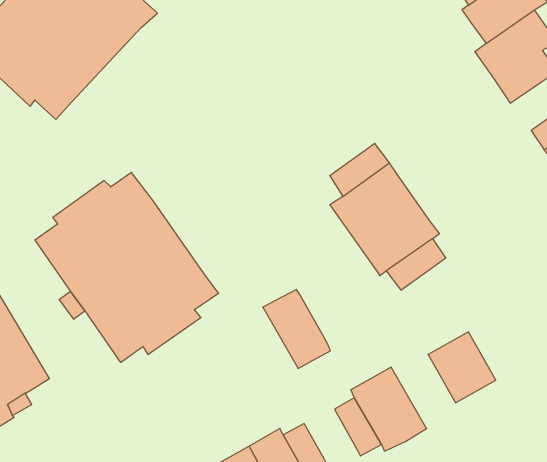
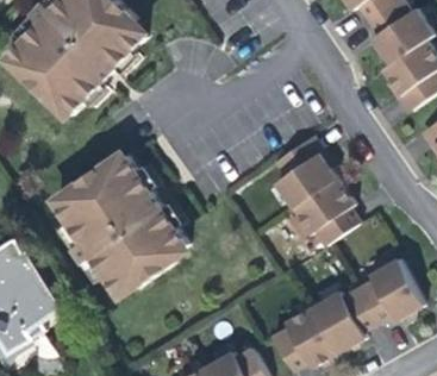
building: [263,290,330,369] -> [318,289,368,347]
building: none -> [373,255,426,317]

